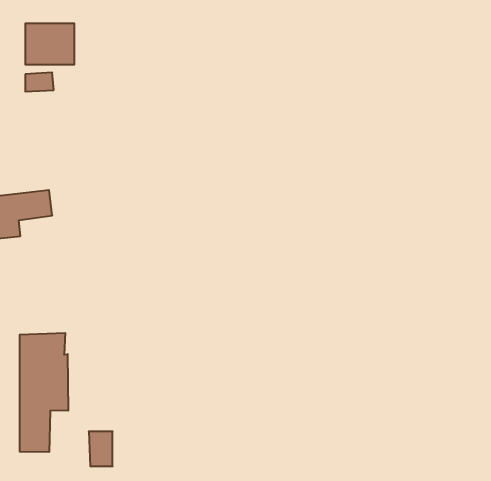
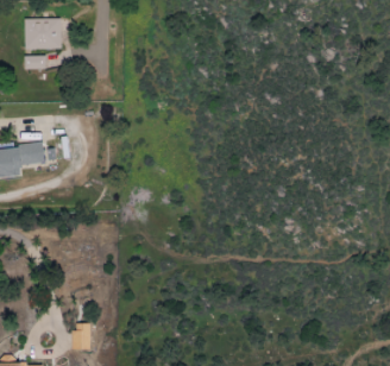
building: [20,333,68,452] -> none

